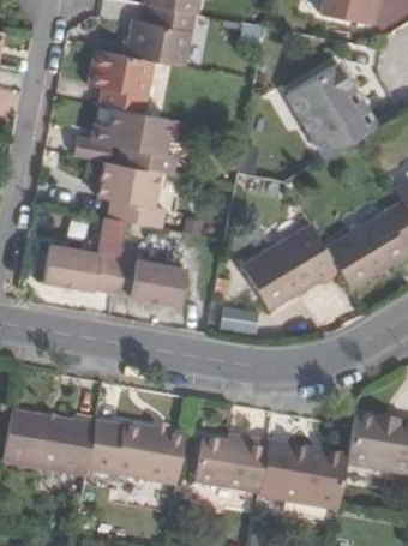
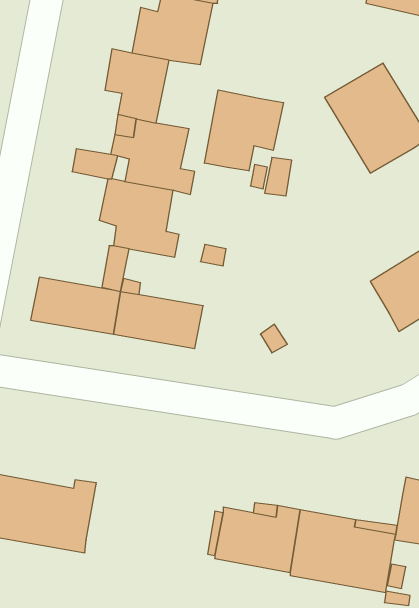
building: none -> [204,90,284,171]
building: [241,224,341,310] -> none
building: [86,419,186,484] -> none

